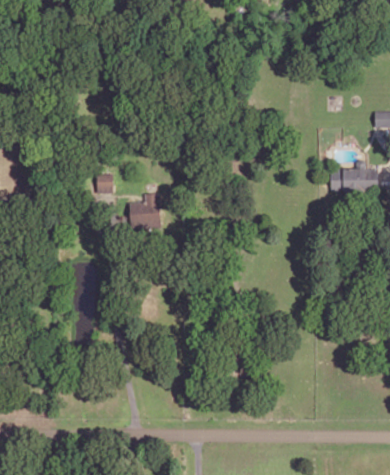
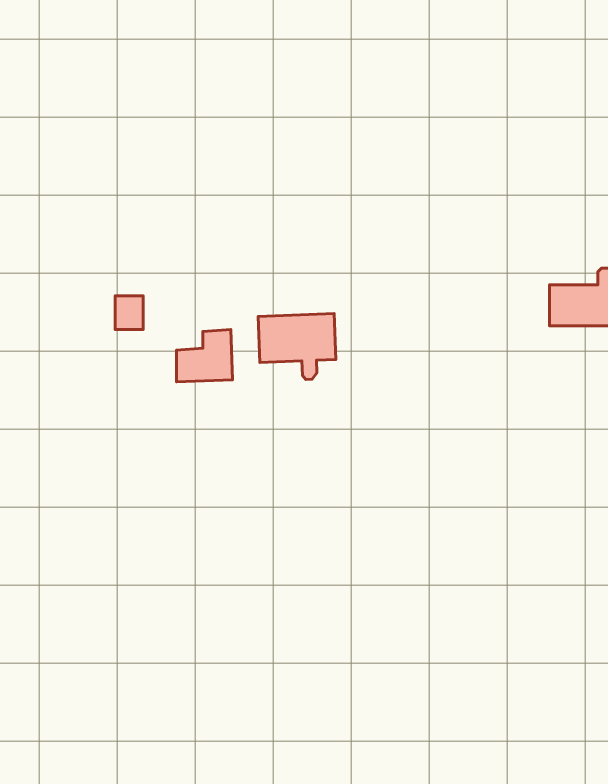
building: none -> [258,314,336,380]

